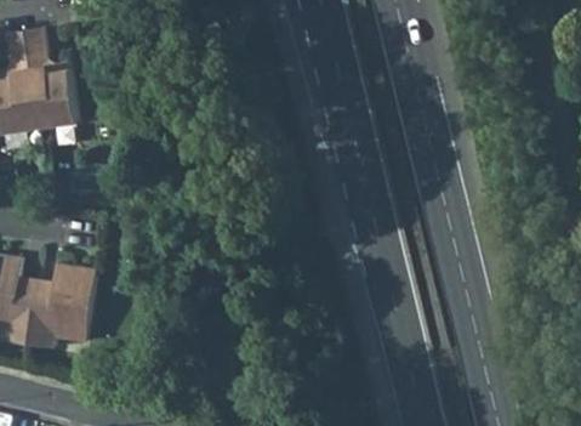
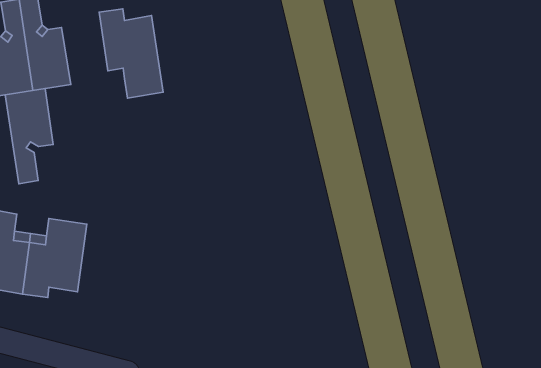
building: none -> [99,9,163,98]
building: none -> [5,89,53,184]

